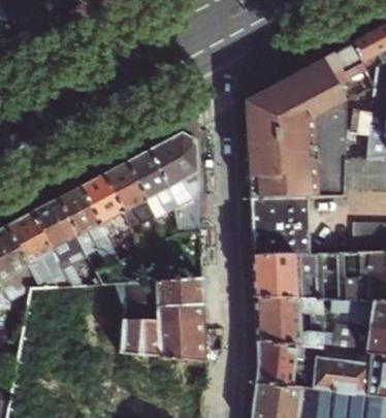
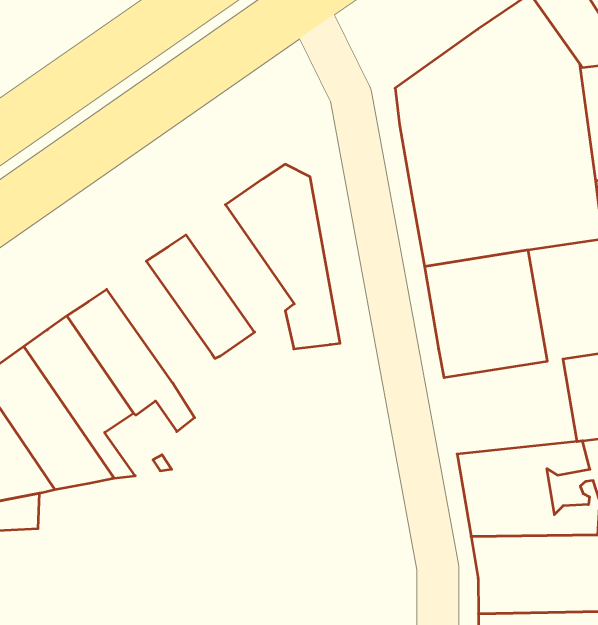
building: [125,150,178,219] -> none
building: [79,174,131,240] -> none
building: [252,253,318,297] -> none
building: [116,280,206,361] -> none

